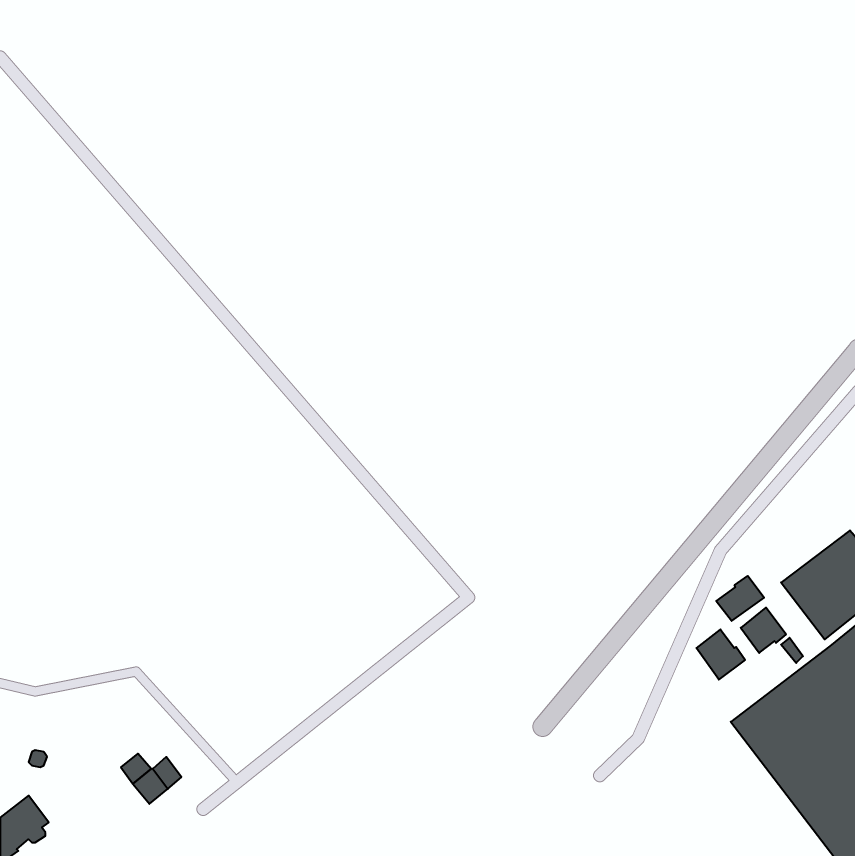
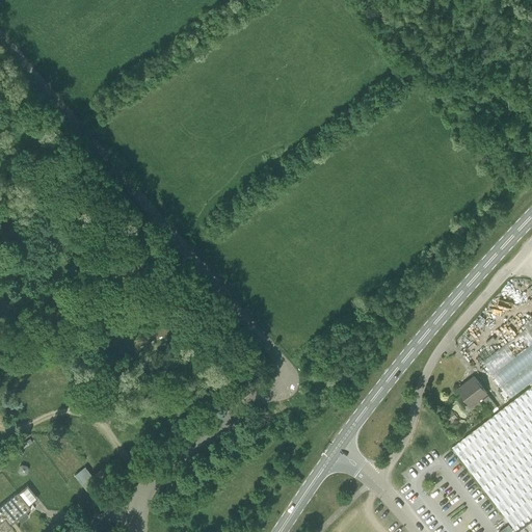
building: [716,576,764,621] -> none
building: [696,629,745,680] -> none

